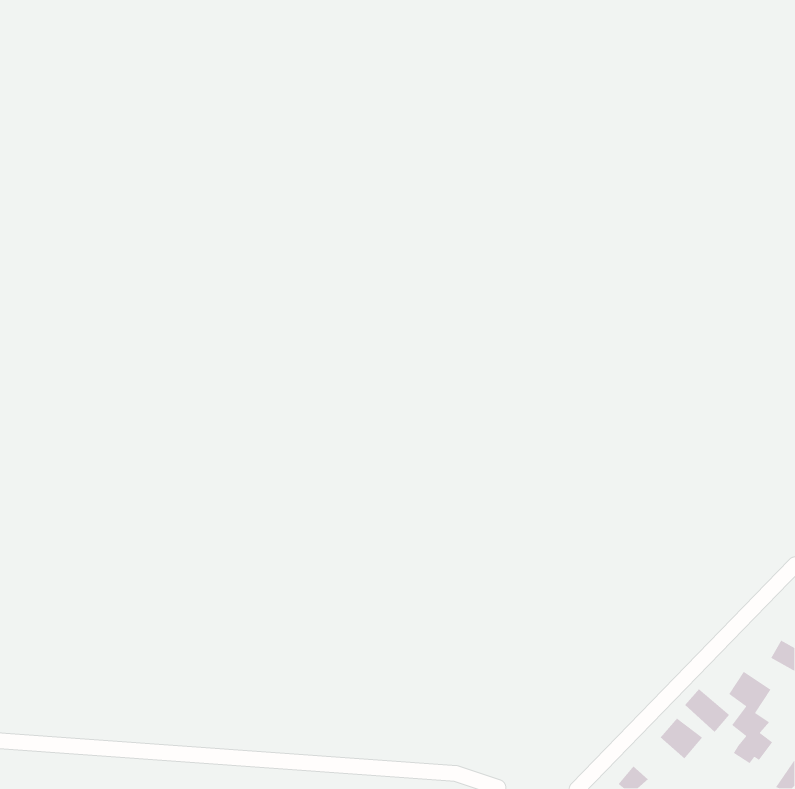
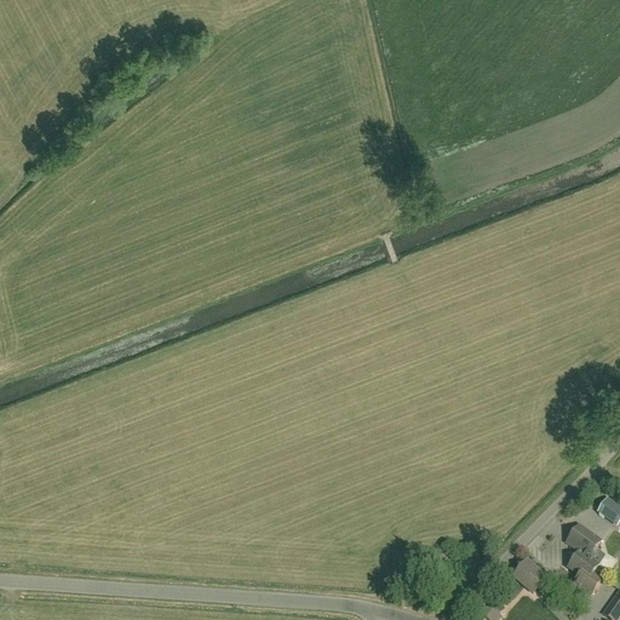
building: [684,688,730,733] -> none

